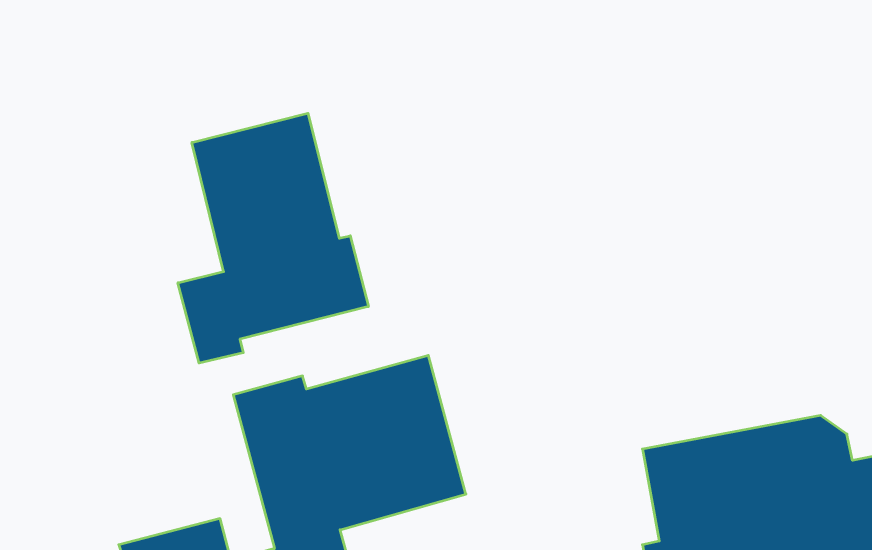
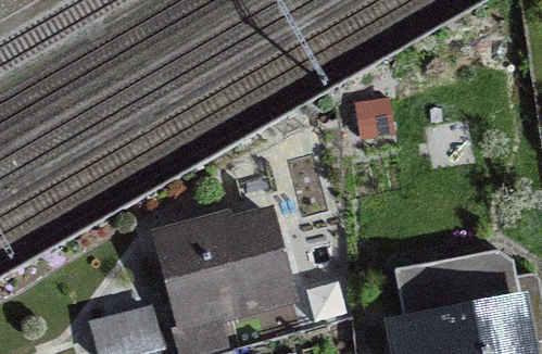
building: [178,113,368,363] -> none

